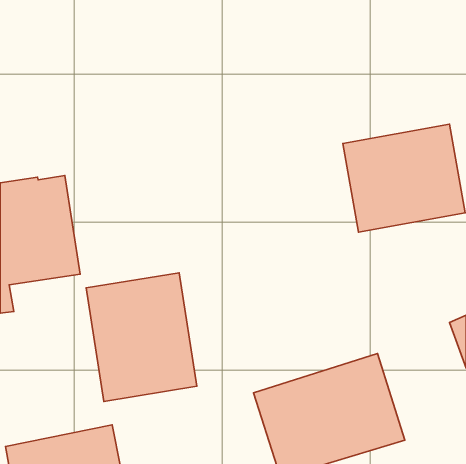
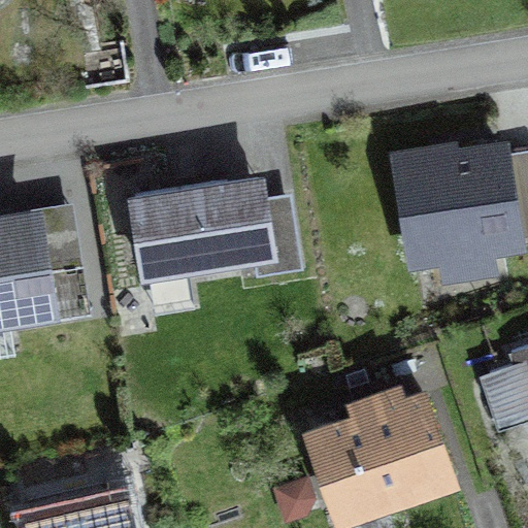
building: none -> [128,171,305,308]
building: [86,273,197,401] -> none

